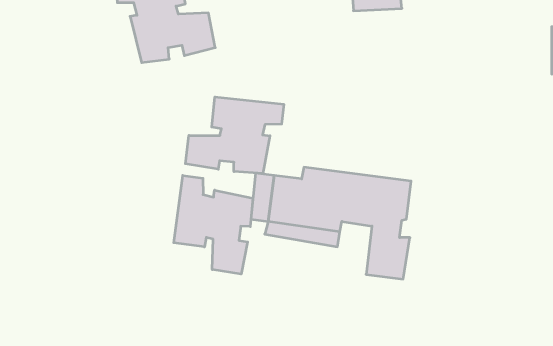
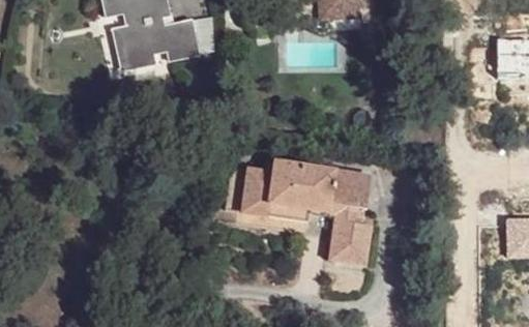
building: [185,97,284,174] -> none
building: [174,175,253,274] -> none

